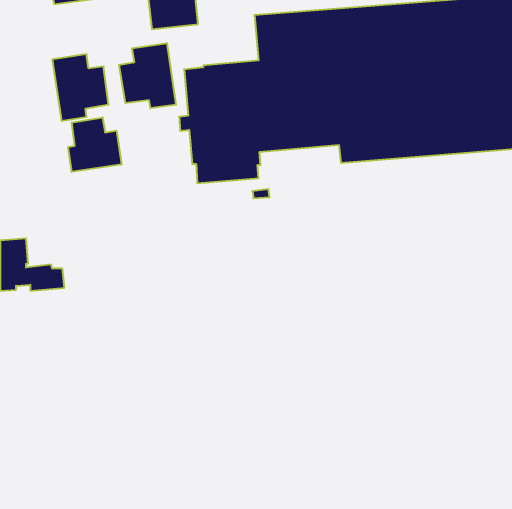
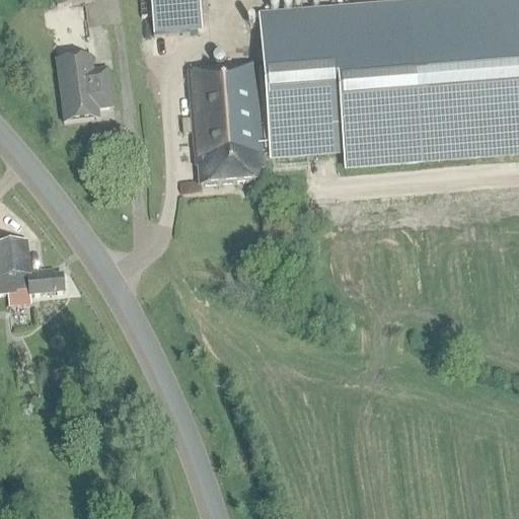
building: [119,43,176,108] -> none
building: [68,117,121,172] -> none

